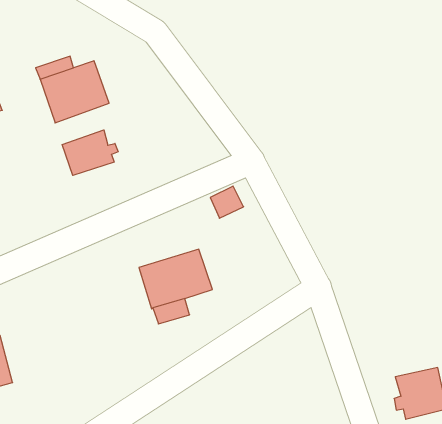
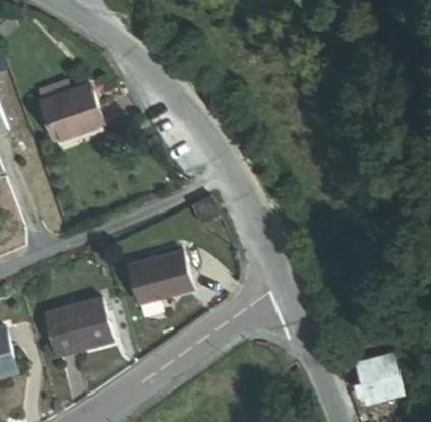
building: [62,130,118,175] -> none
building: none -> [46,300,112,355]

